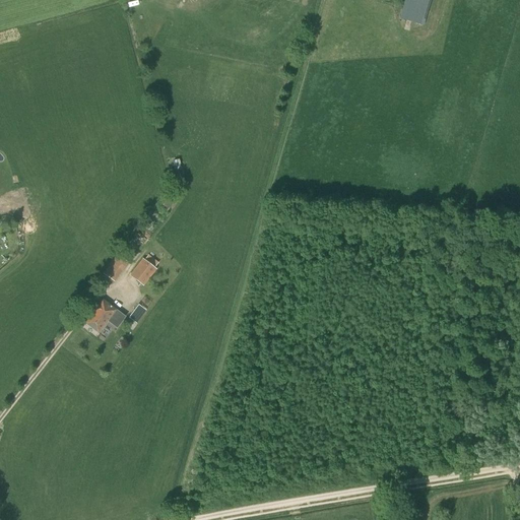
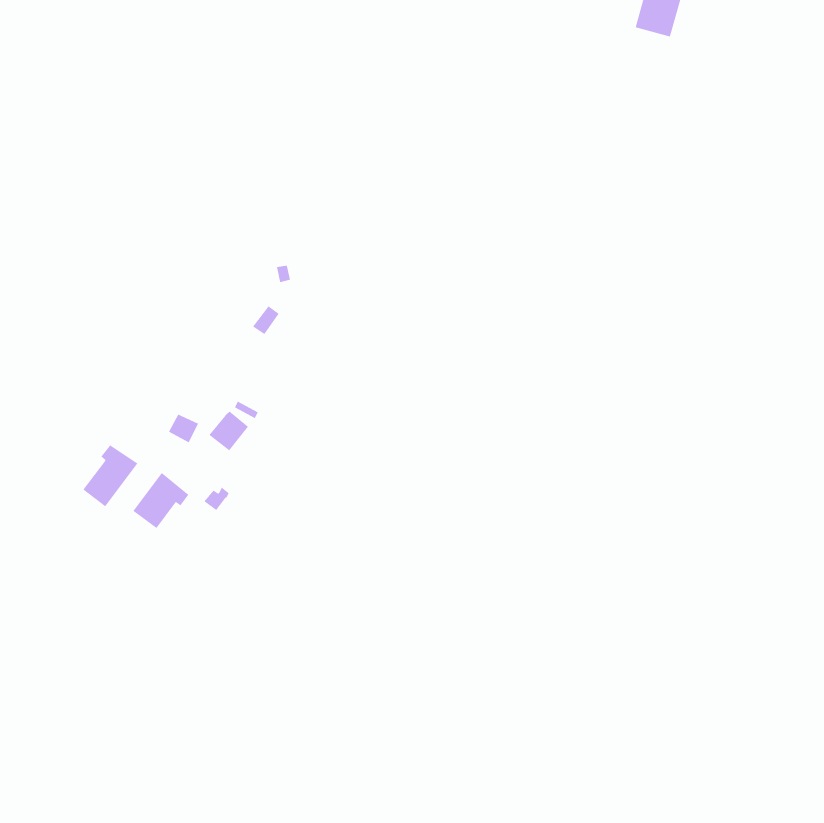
building: none -> [83,444,138,507]

